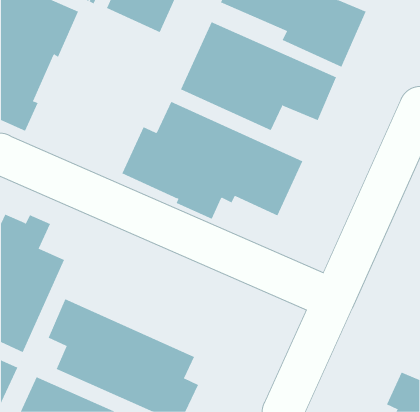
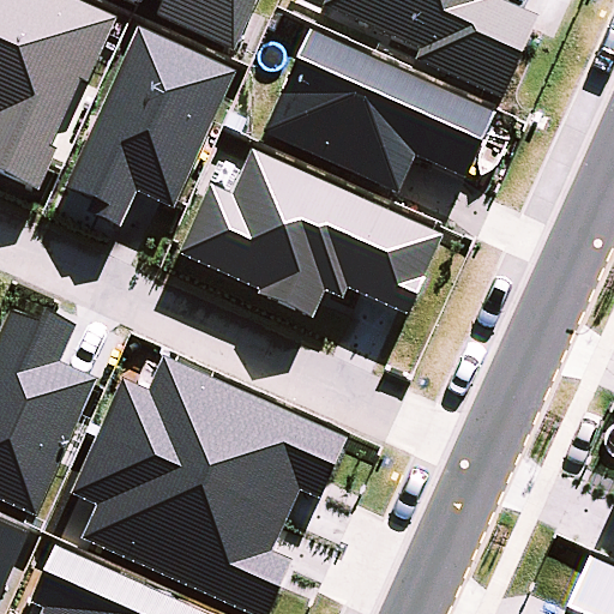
building: none -> [64,24,234,230]
building: none -> [95,356,344,520]

